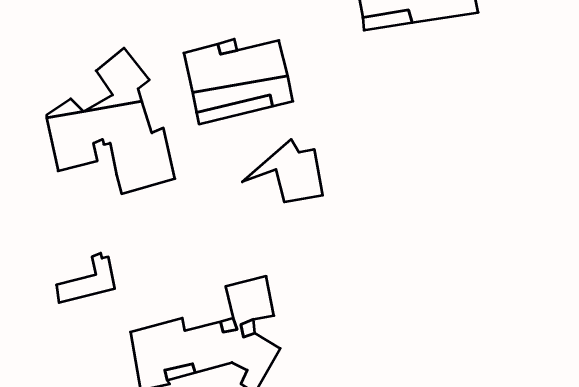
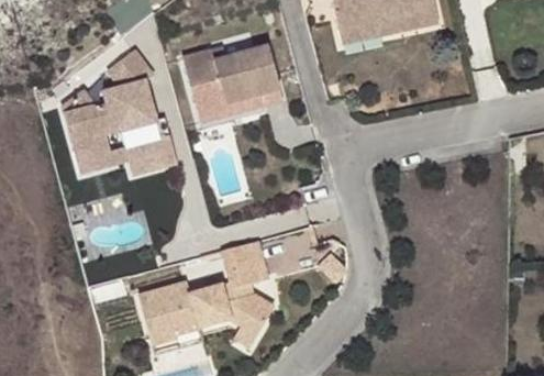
building: [242,139,323,202] -> none
building: [56,253,115,303] -> [76,131,126,174]

